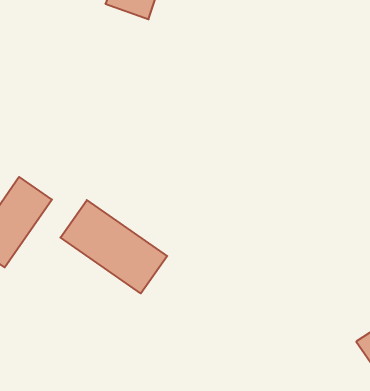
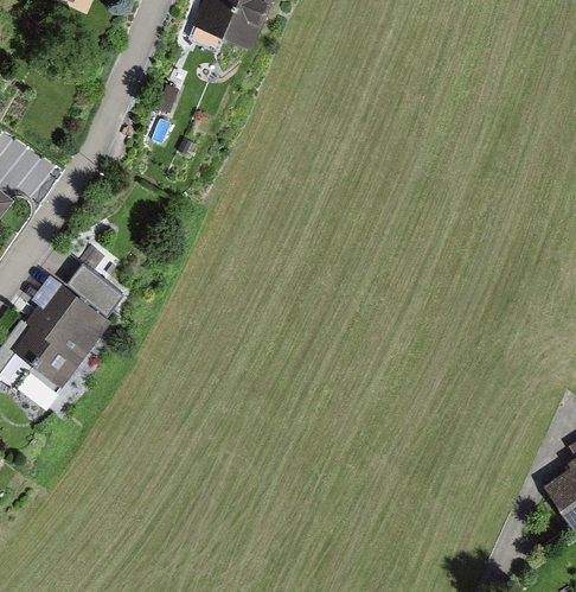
building: [60,200,167,293] -> none

